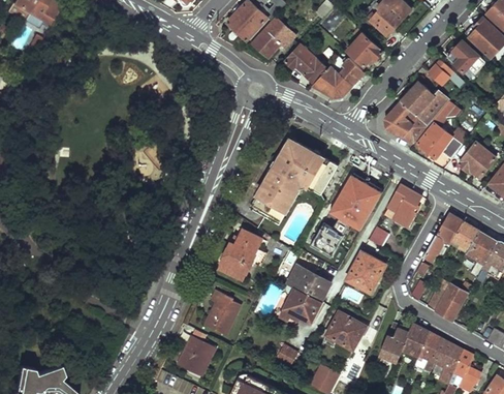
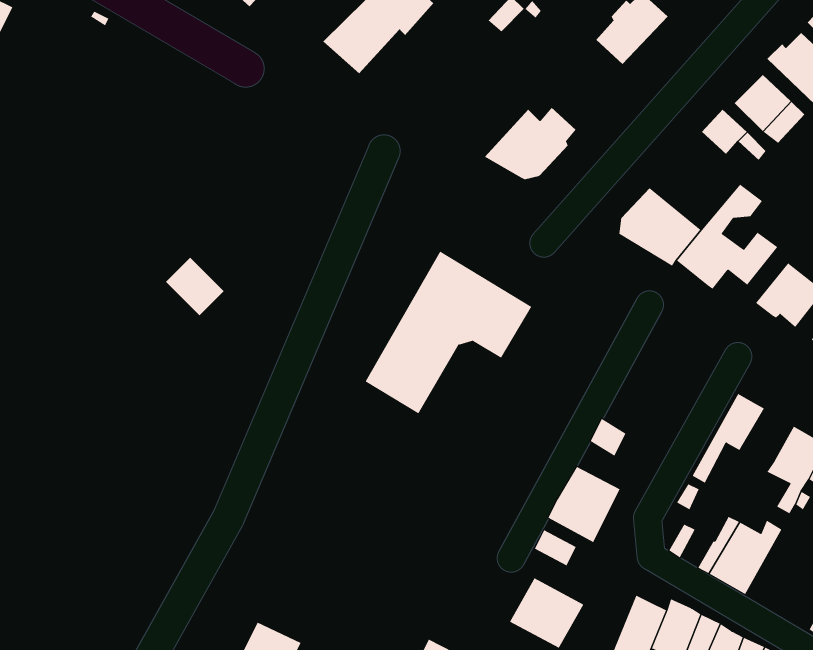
building: [252,19,294,58] -> none
building: [349,32,383,66] -> none
building: [284,41,328,82] -> none
building: [401,82,449,125] -> none
building: [312,172,383,256] -> none
building: [382,184,422,228] -> none
building: [449,221,478,249] -> none
building: [221,231,262,277] -> none
building: [280,266,328,323] -> none
building: [202,290,238,335] -> none

